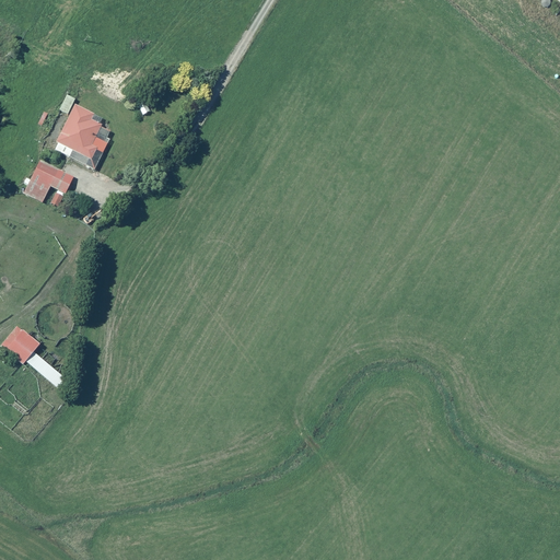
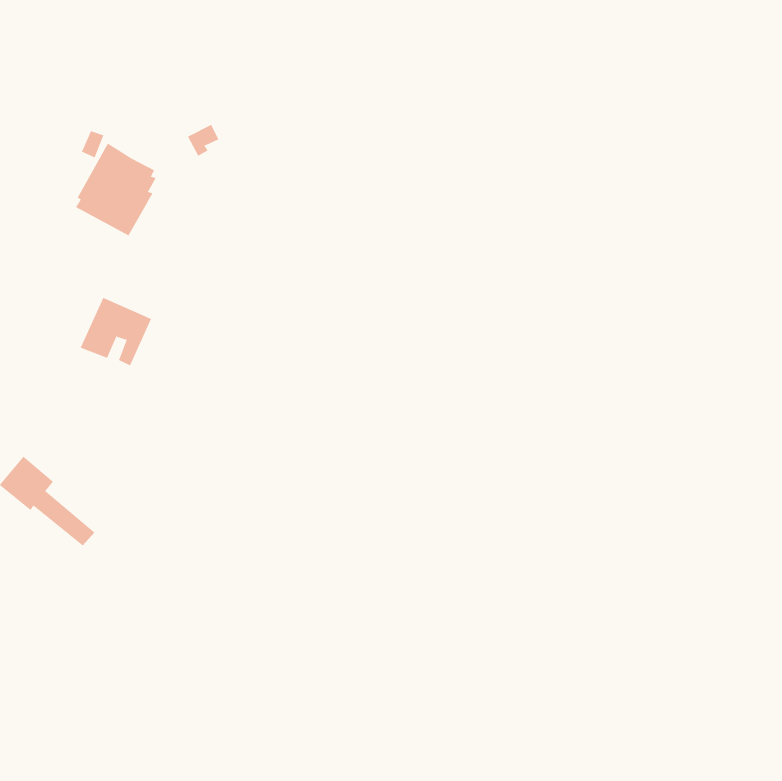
building: [23,158,74,207] -> [80,297,152,366]

